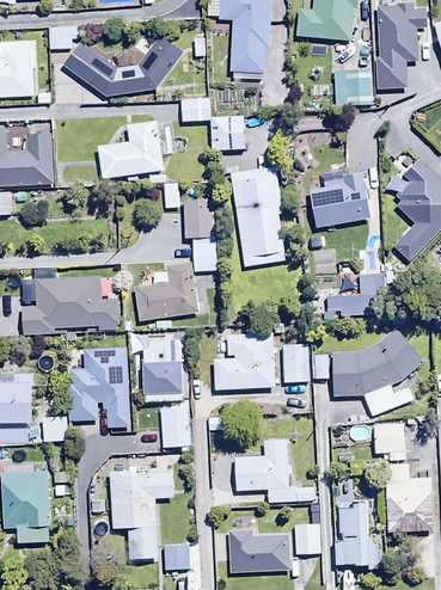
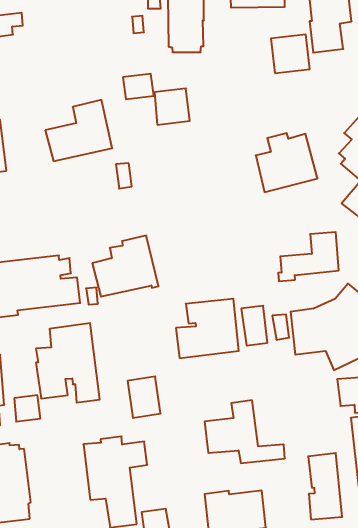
building: [63,32,184,96] -> none
building: [229,166,286,265] -> none
building: [183,198,219,270] -> none
building: [143,339,188,401] -> none
building: [295,524,320,553] -> none

